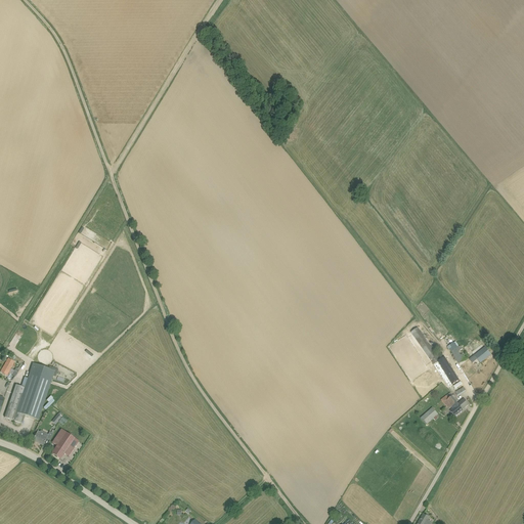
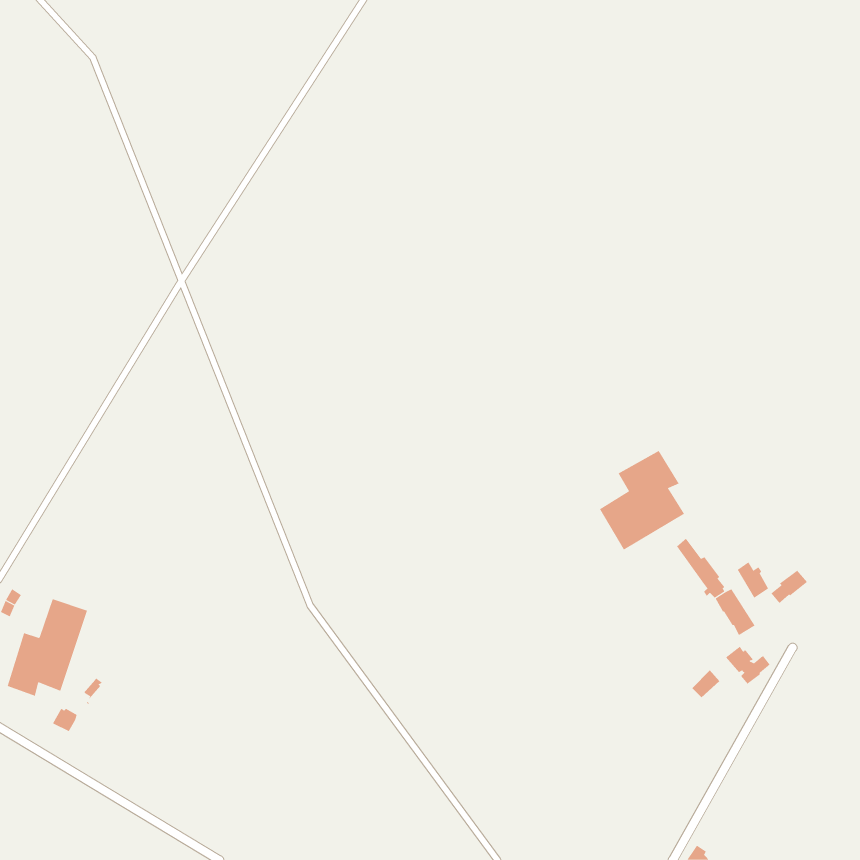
building: none -> [599,450,685,550]
building: [51,429,78,458] -> none

